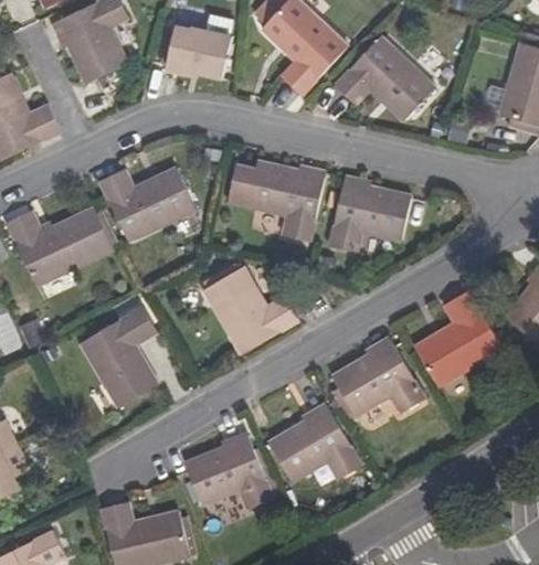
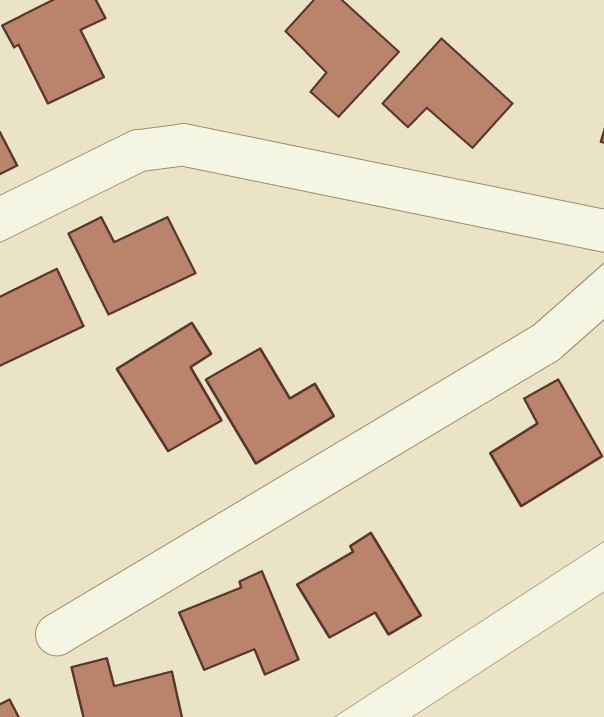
building: [167,26,231,78] -> none
building: [226,160,323,241] -> none
building: [329,174,411,250] -> none
building: [84,308,162,404] -> [117,323,221,451]
building: [334,338,426,416] -> none

